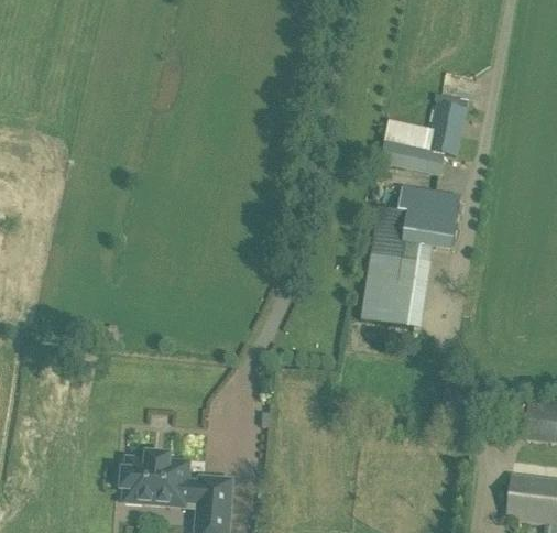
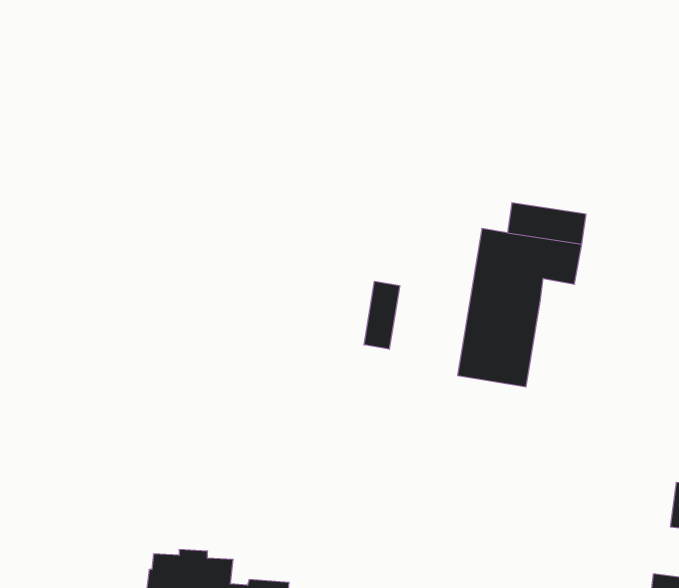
building: [380,101,467,177] -> none
building: none -> [364,281,400,349]

